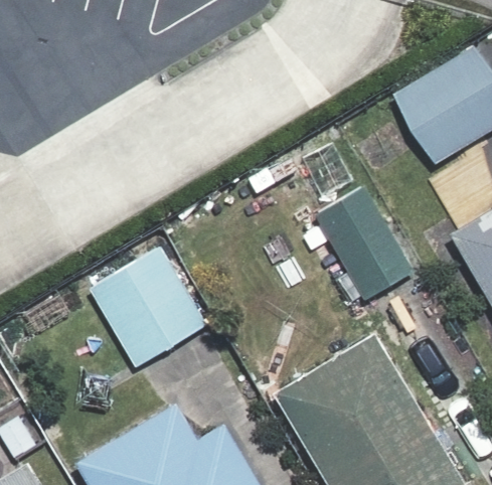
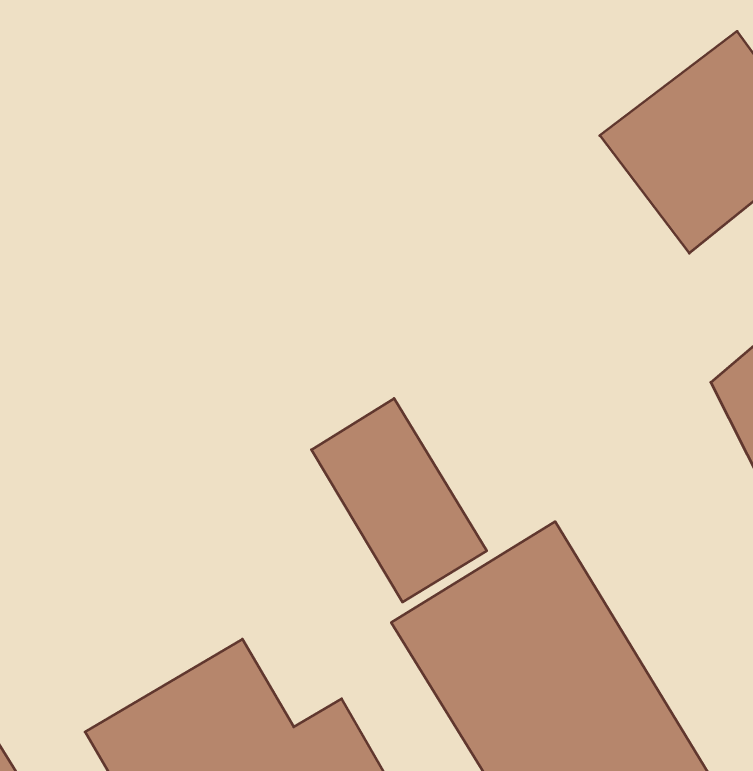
building: [310,179,417,303] -> [311,398,487,602]
building: [88,246,211,367] -> none

